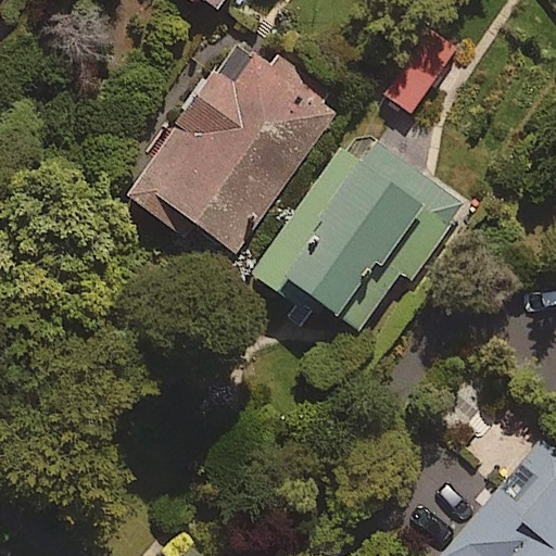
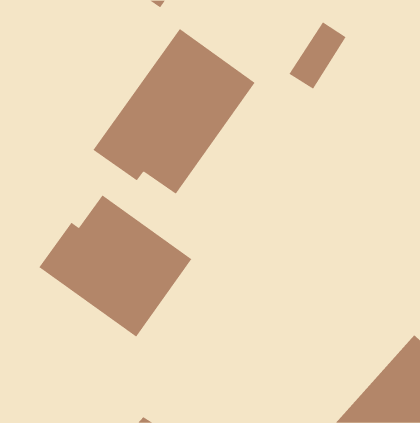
building: [252,142,465,333] -> none
building: none -> [38,195,192,337]

